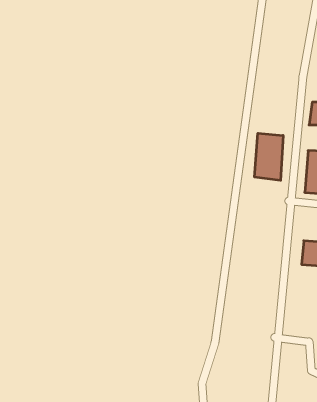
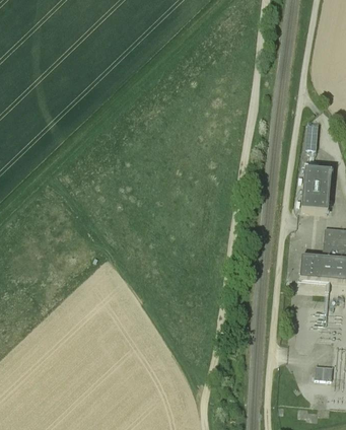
building: [255,133,283,180] -> none

